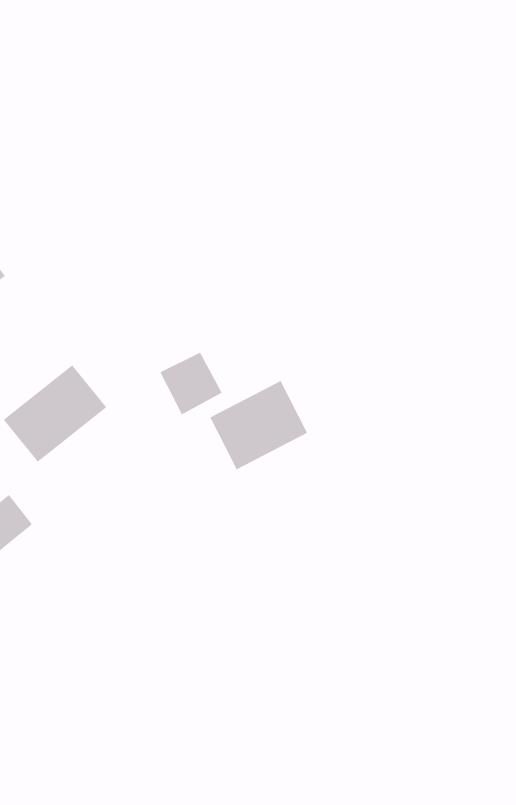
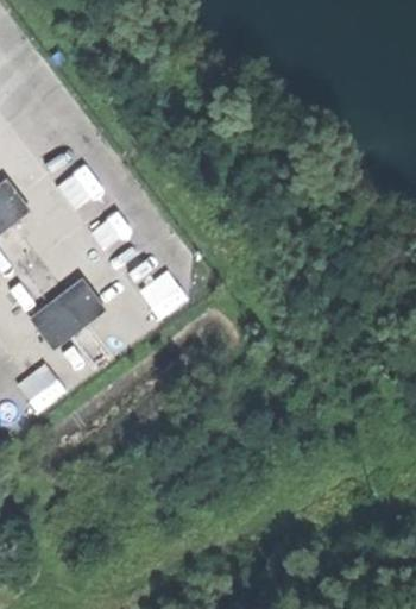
building: [209,380,308,470] -> none

